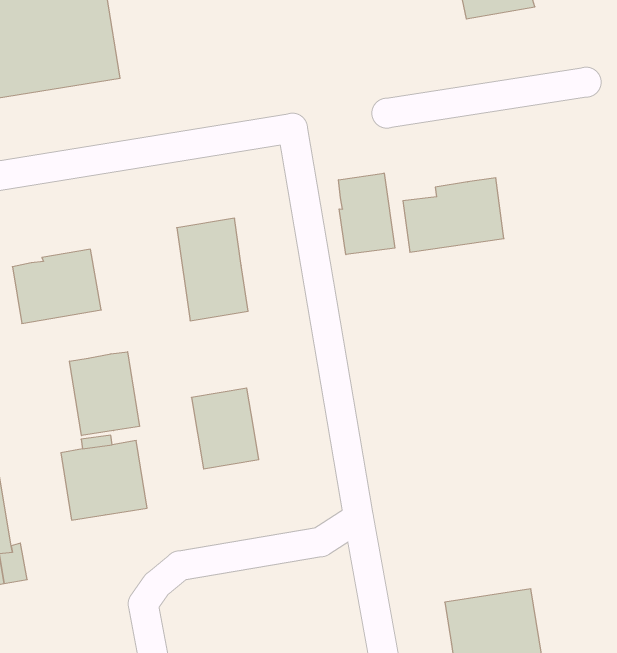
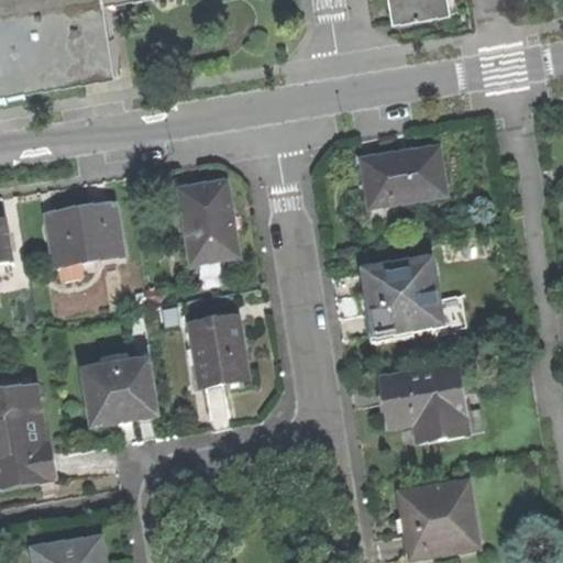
building: [339,173,395,255] -> none
building: none -> [360,258,443,339]
building: [70,352,139,436] -> none
building: none -> [378,366,468,446]

